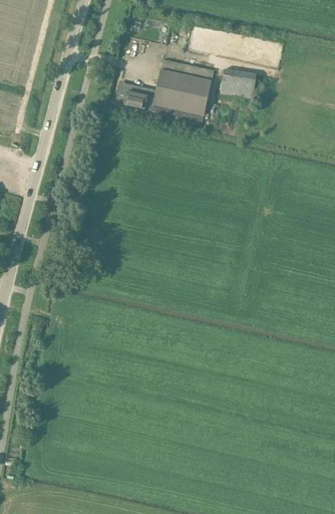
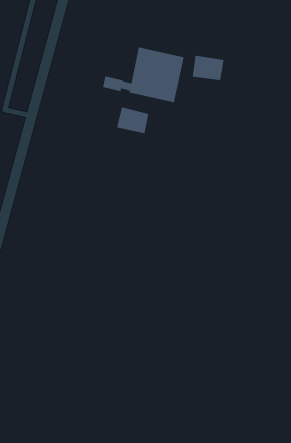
building: none -> [116,107,149,134]

